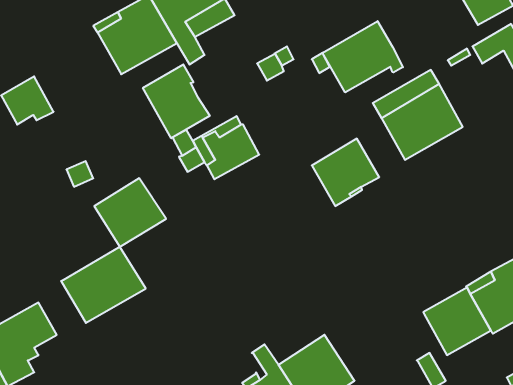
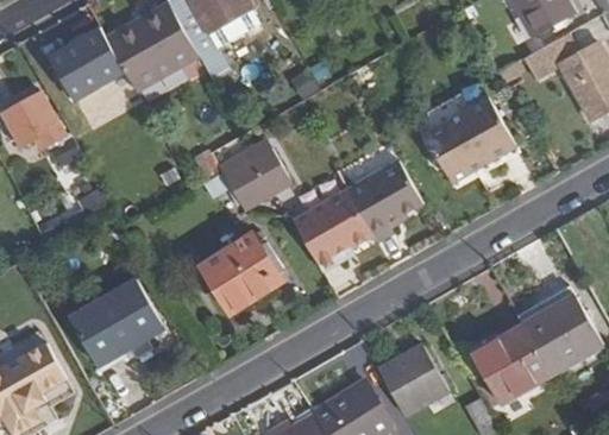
building: [322,21,403,92] -> none
building: none -> [49,33,114,100]
building: [143,64,210,138] -> none
building: none -> [293,188,373,270]
building: [94,178,166,247] -> [201,234,281,310]
building: none -> [378,345,448,415]

